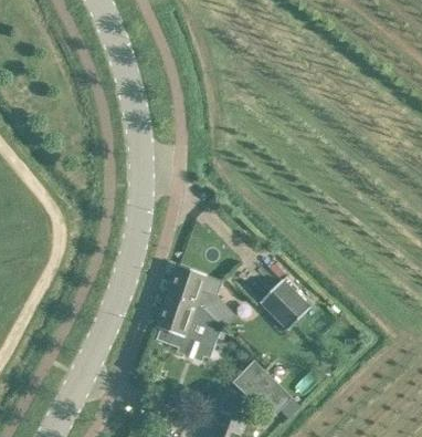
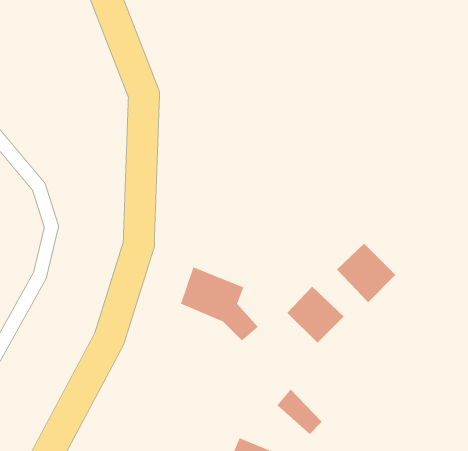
building: none -> [336,243,396,303]
building: [157,296,221,361] -> none

